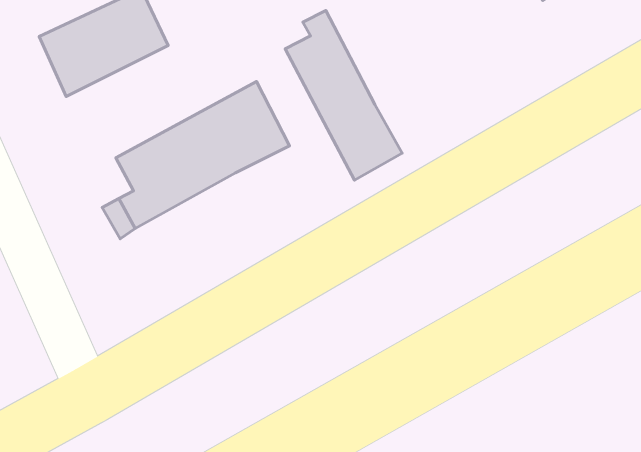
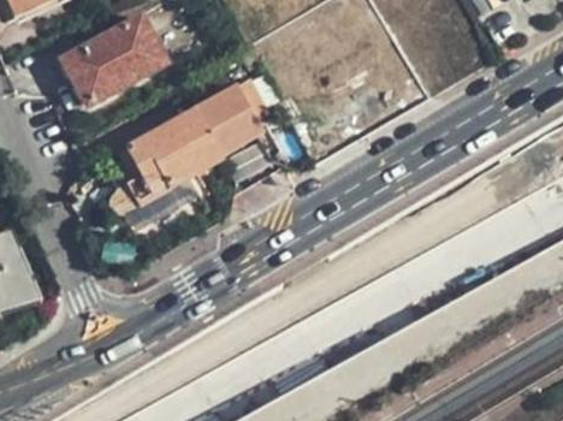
building: [285,10,402,180] -> none

